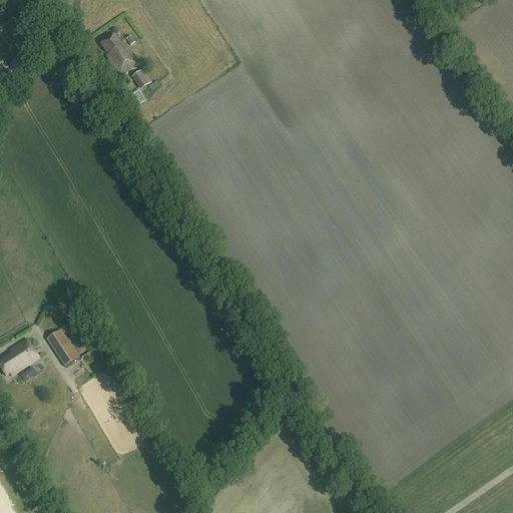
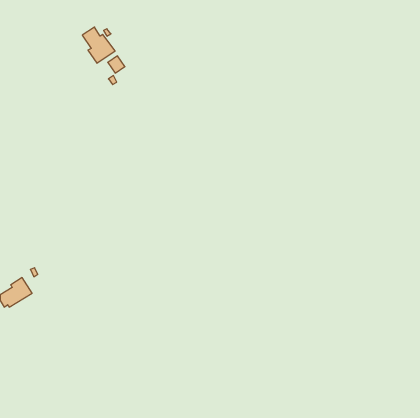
building: [46,329,80,367] -> none

